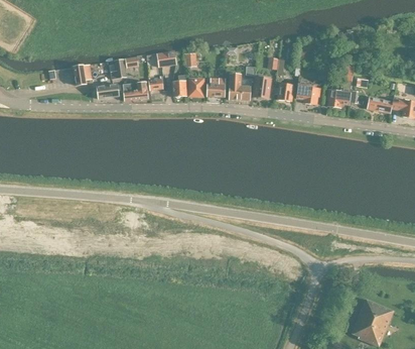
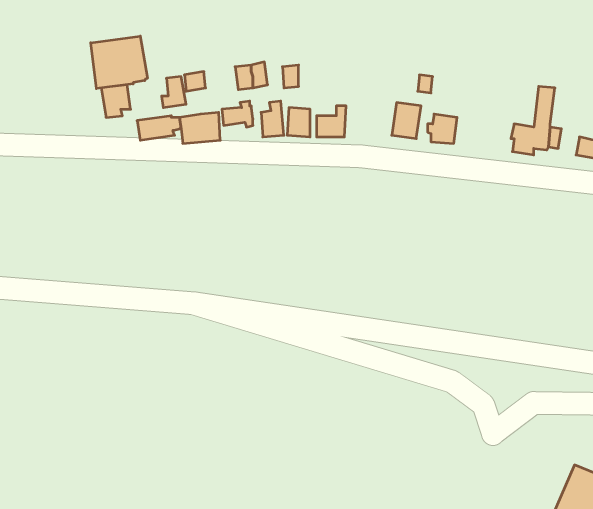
building: none -> [91,36,147,89]
building: [229,74,250,101] -> none
building: [296,82,320,105] -> none

